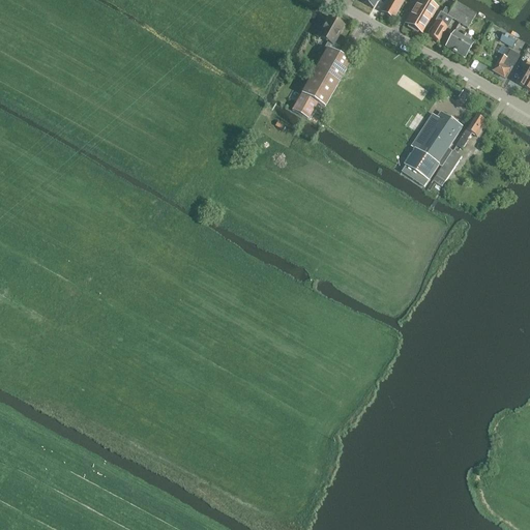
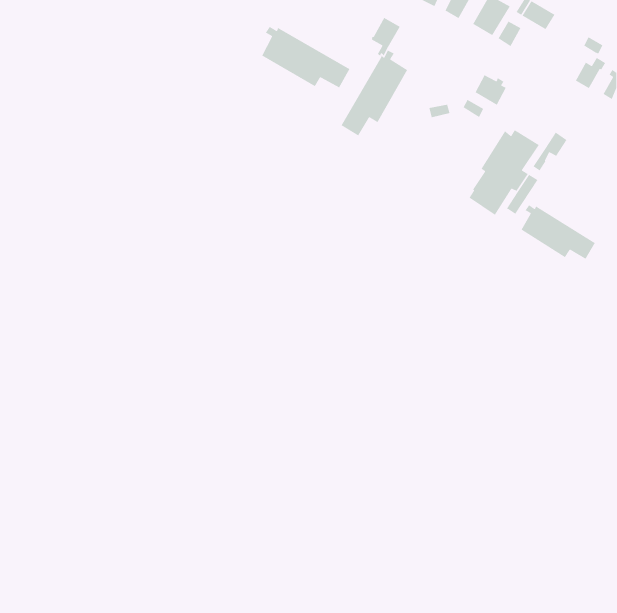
building: none -> [261,26,350,89]
building: [445,29,473,56] -> [474,74,507,106]
building: none -> [521,204,596,260]

